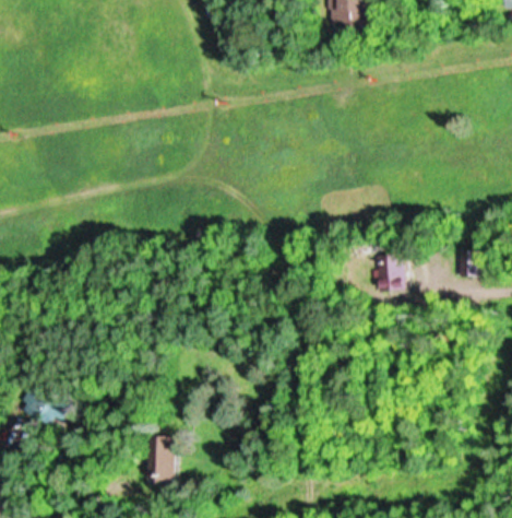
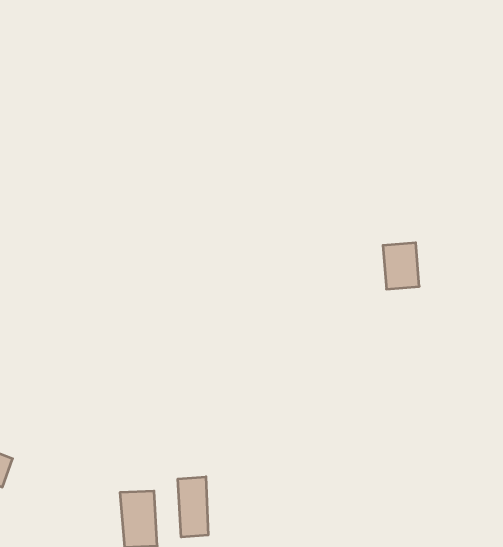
building: none -> [178,477,208,537]

